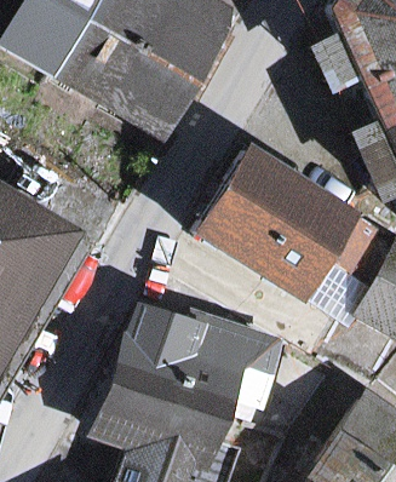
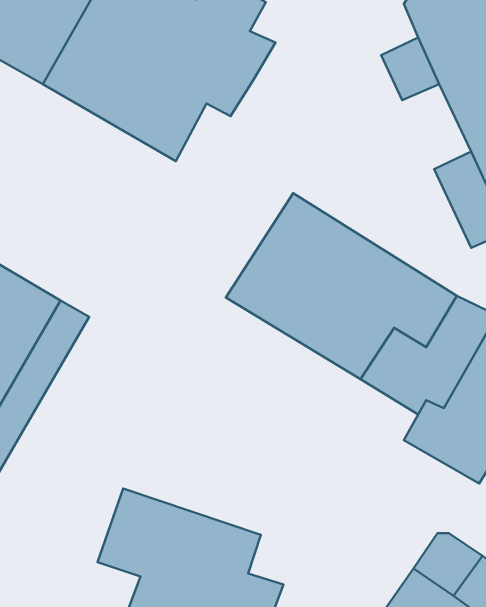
building: [117,310,280,418] -> none

